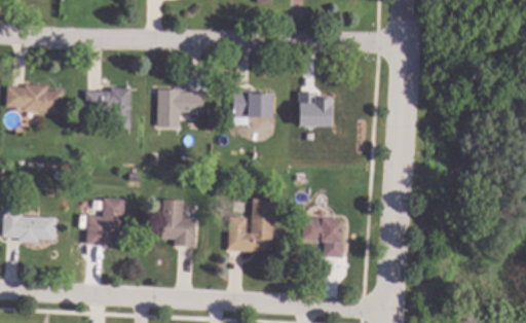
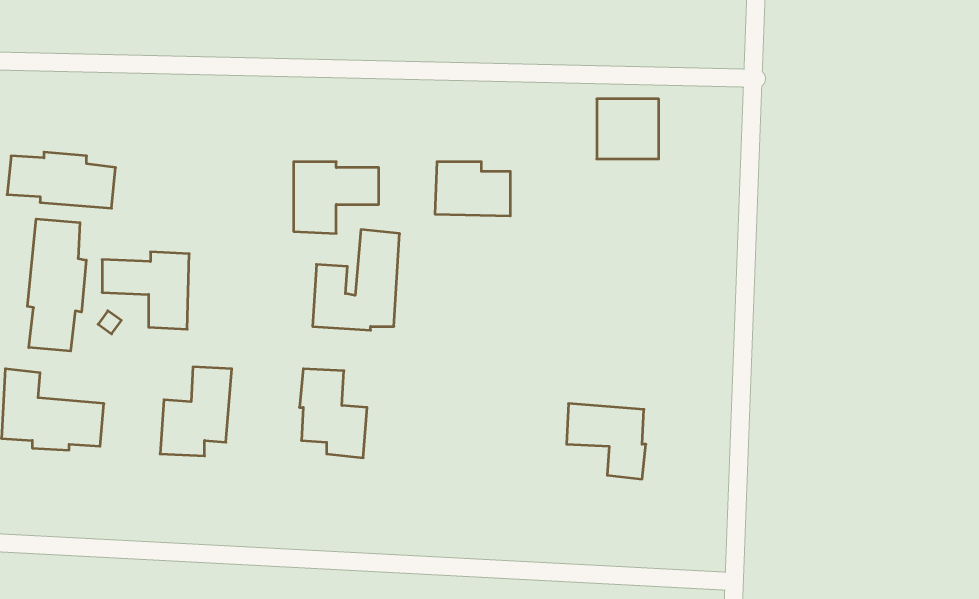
building: [85,86,132,128] -> [102,252,189,329]
building: [295,95,328,127] -> [597,99,659,159]
building: none -> [27,219,86,351]
building: [228,198,274,251] -> [313,230,400,330]

